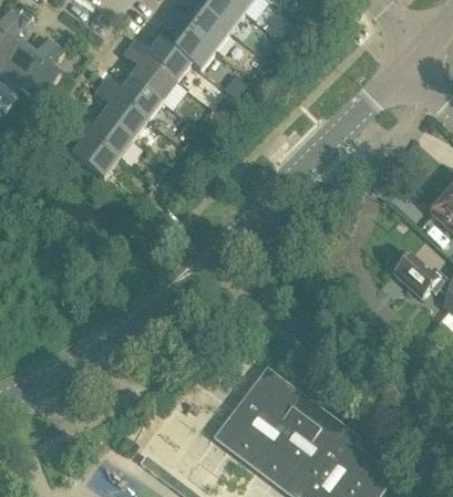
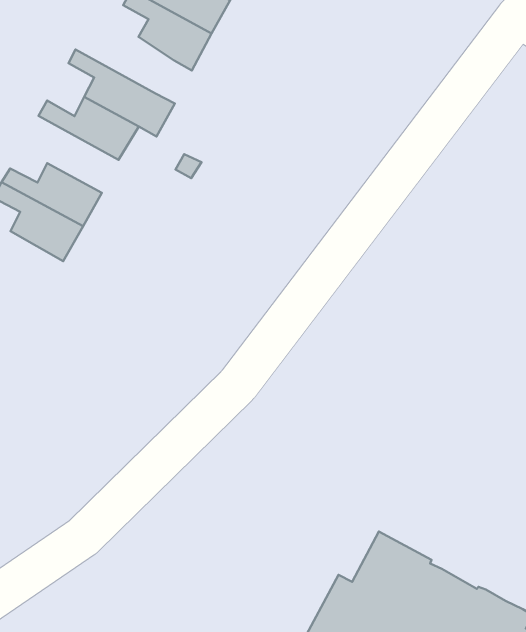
building: [130,39,189,82] -> none
building: [94,85,146,138] -> none

